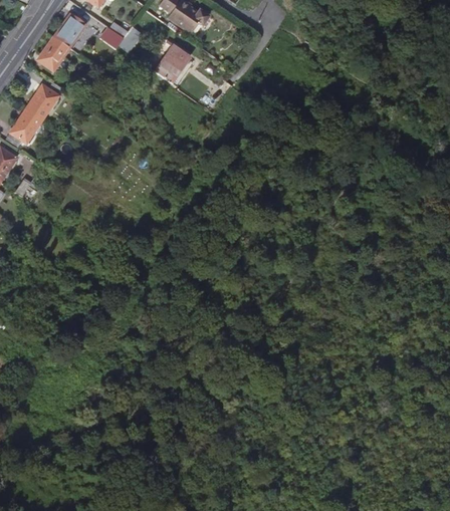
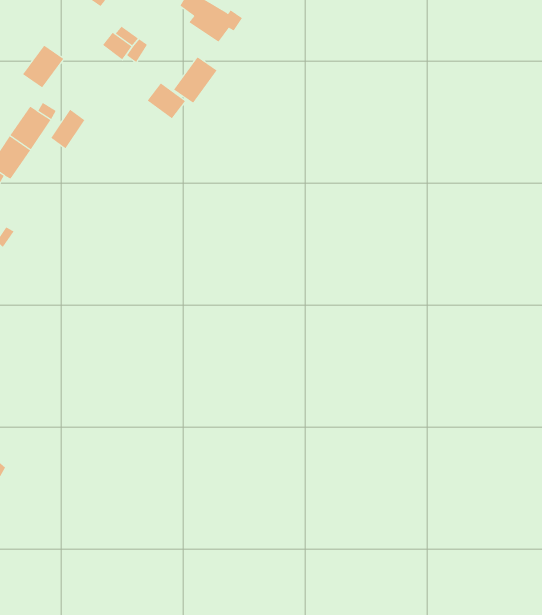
building: [53,13,86,47] -> none
building: none -> [147,82,186,119]
building: none -> [51,109,85,149]

